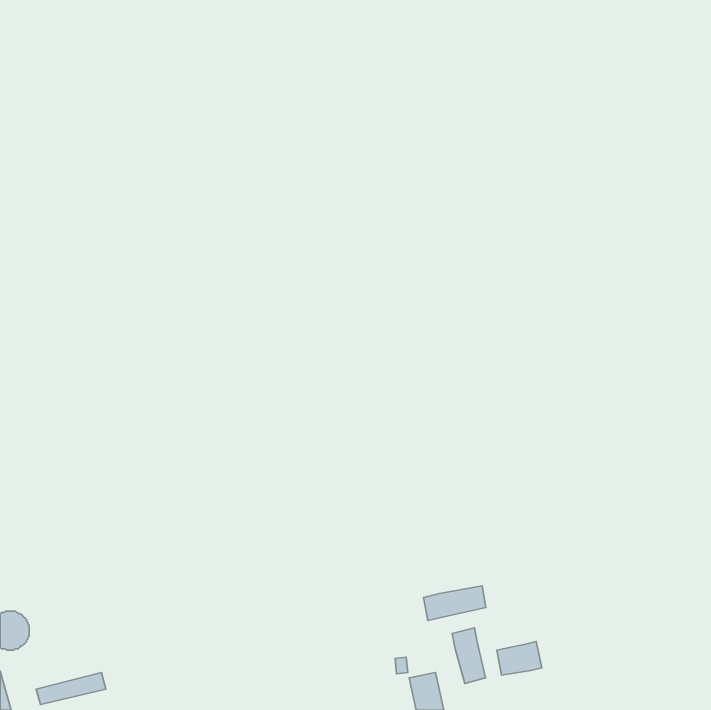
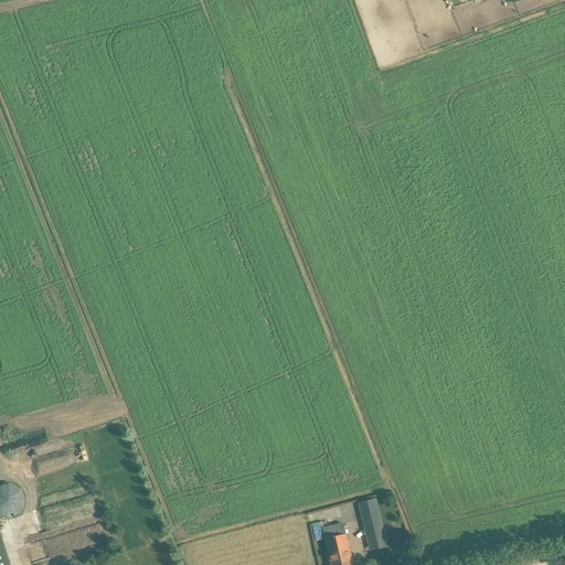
building: [423,586,486,621] -> none
building: [497,641,542,675] -> none

